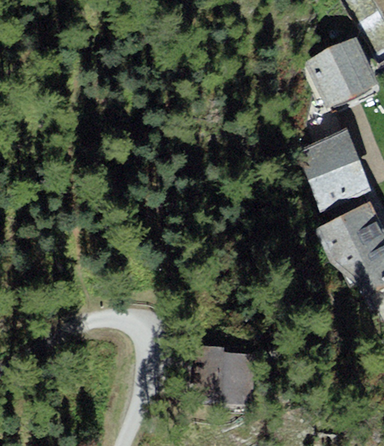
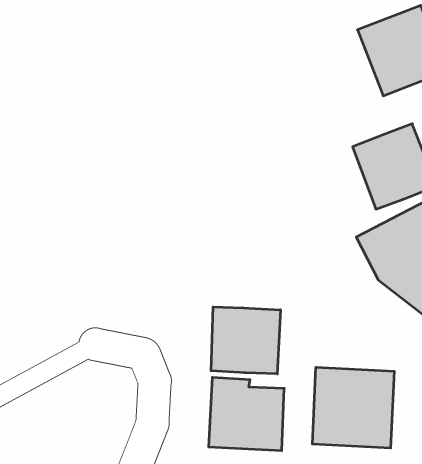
building: none -> [211,307,280,374]
building: none -> [312,367,394,448]

